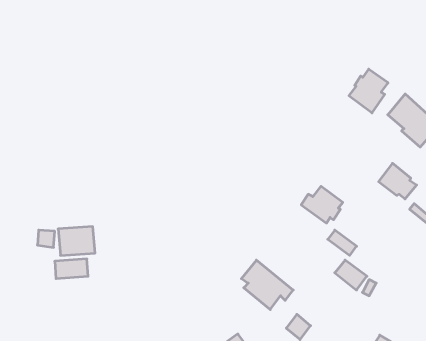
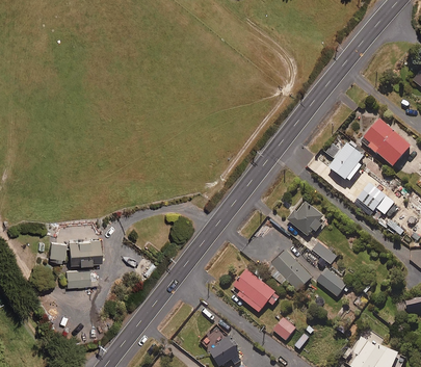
building: [349,69,388,113] -> [330,142,365,182]
building: none -> [267,251,312,290]

